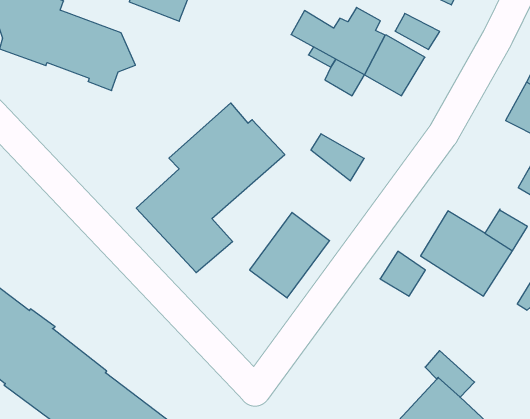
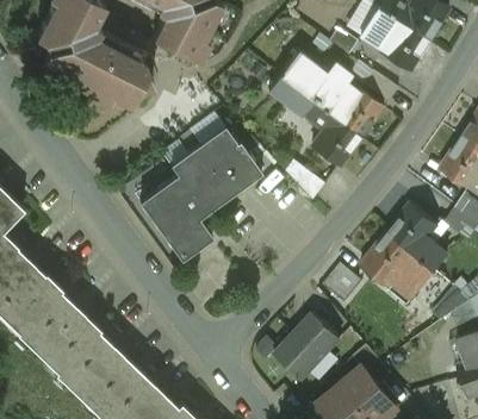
building: none -> [311,115,360,164]
building: none -> [386,202,439,254]
building: [250,212,330,298] -> [273,311,340,379]

